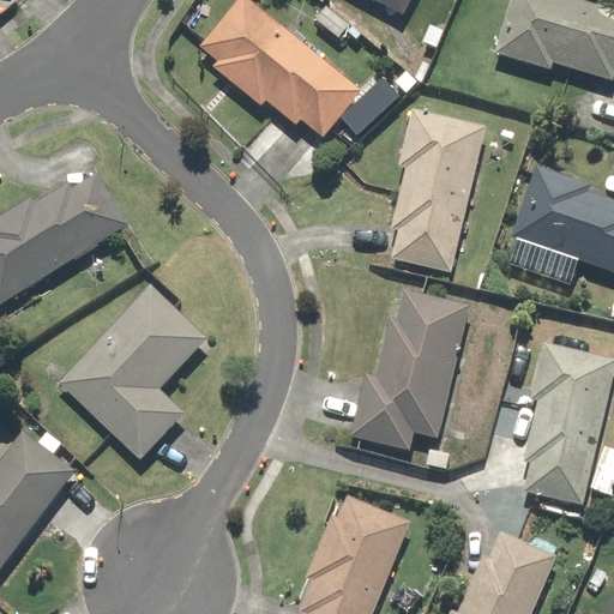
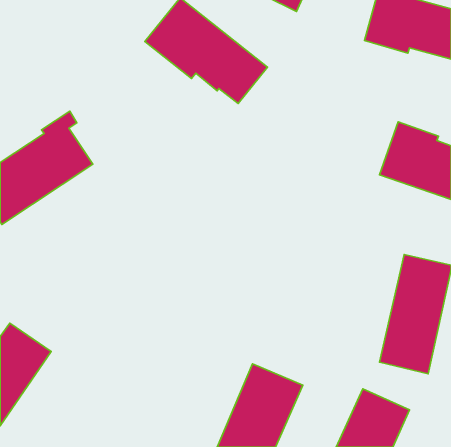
building: [383,115,484,275] -> none
building: [64,288,207,458] -> none
building: [354,290,469,447] -> none

